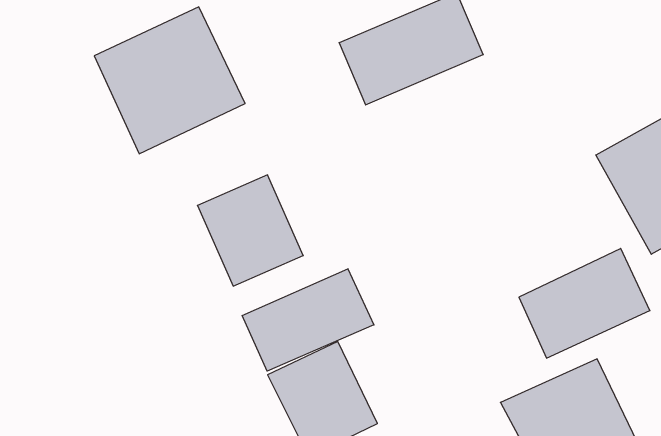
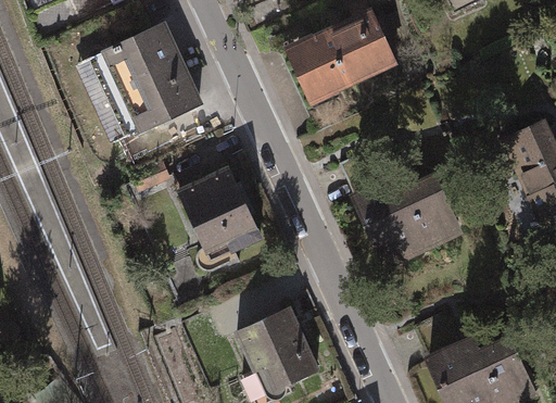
building: [519,248,650,358] -> [362,179,469,269]
building: [242,269,374,371] -> none

